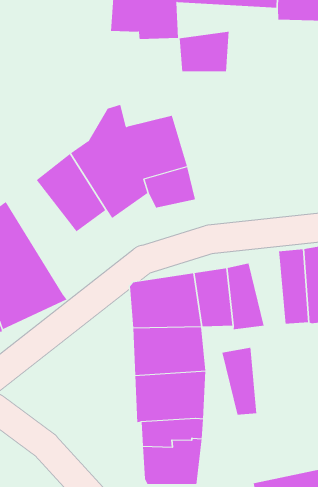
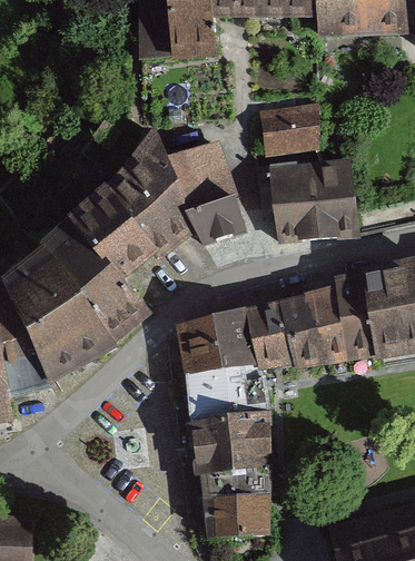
building: [179,31,230,72] -> [263,101,316,148]
building: none -> [258,163,356,239]
building: none -> [42,222,149,341]
building: [221,347,257,415] -> [305,286,347,360]

